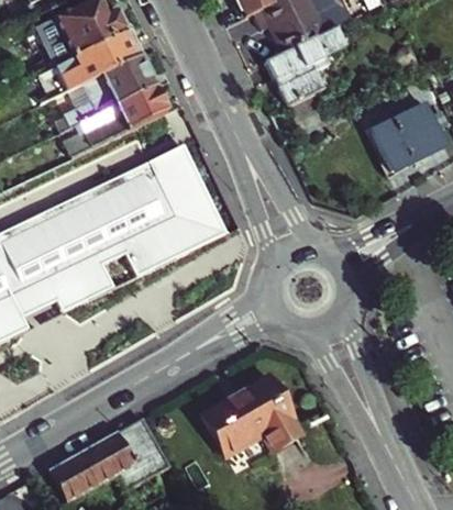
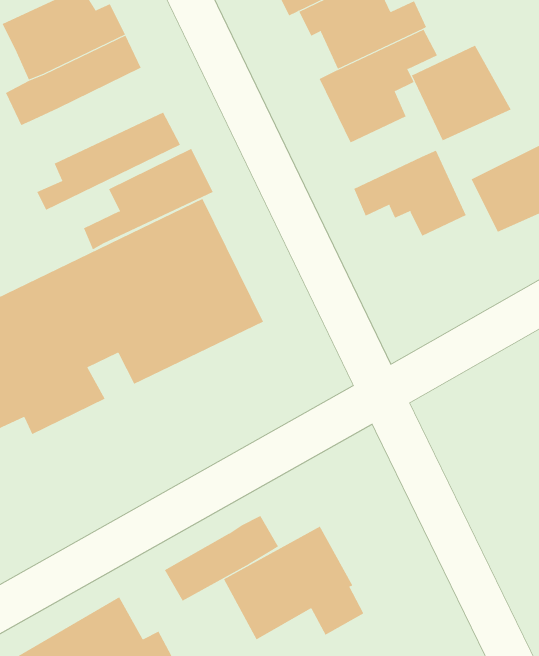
building: none -> [411,45,512,141]
building: [66,53,157,124] -> [83,148,213,250]
building: none -> [354,150,466,236]
building: none -> [164,515,279,602]

